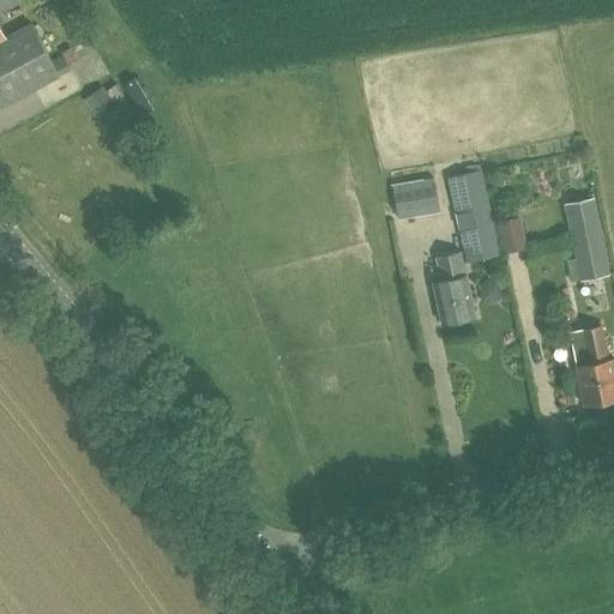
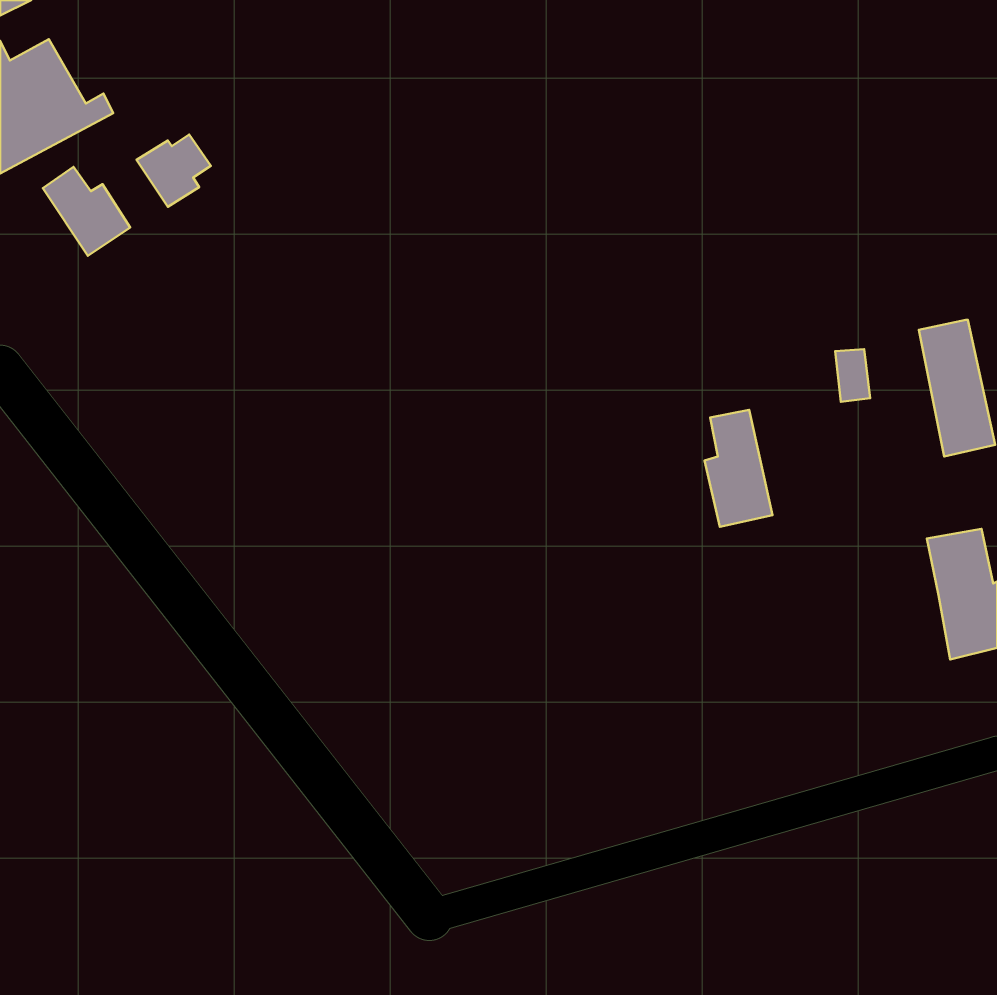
building: none -> [43,167,130,256]
building: [447,171,501,263] -> none
building: [393,177,440,221] -> none

